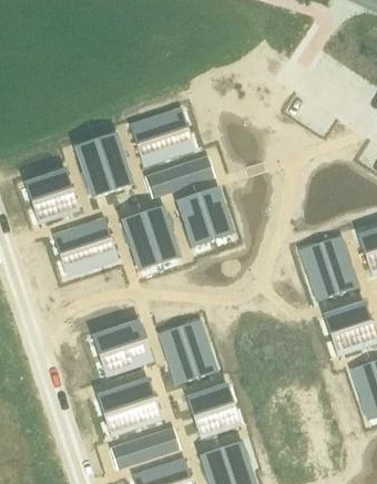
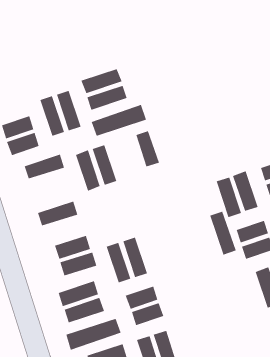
building: [179,195,210,243] -> none
building: [64,239,116,271] -> [37,201,78,226]
building: none -> [210,211,237,256]

